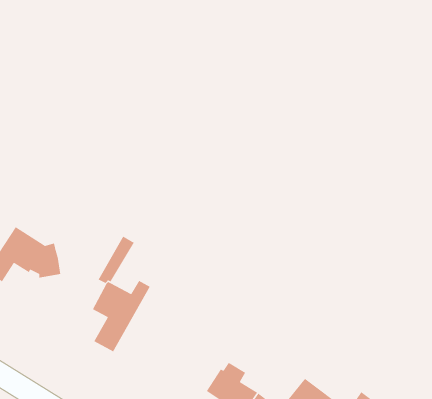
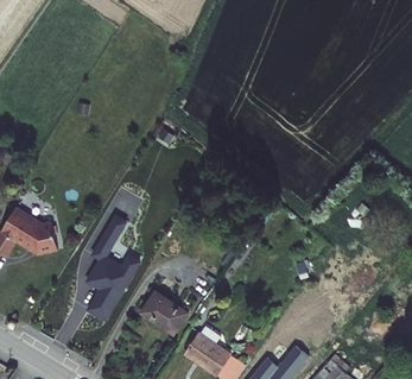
building: none -> [141,291,189,334]

